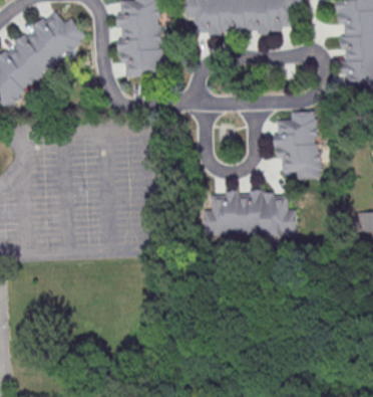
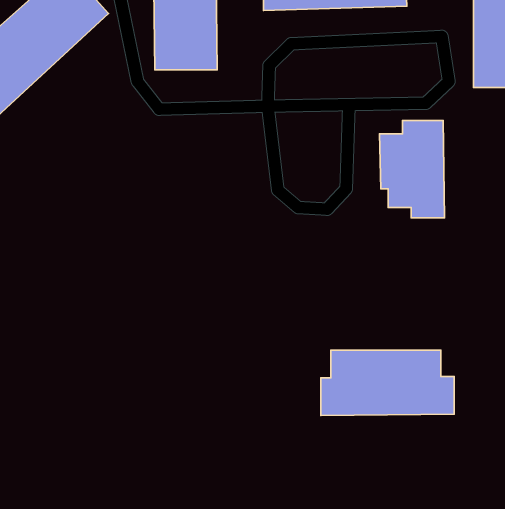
building: [204,192,296,237] -> [321,350,454,415]

